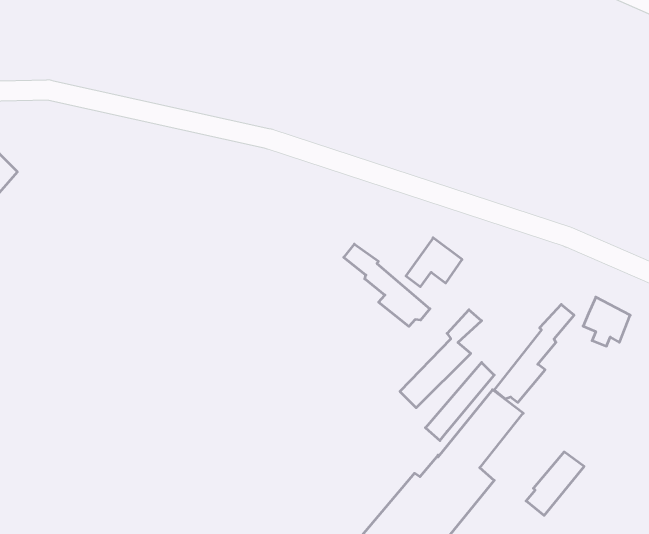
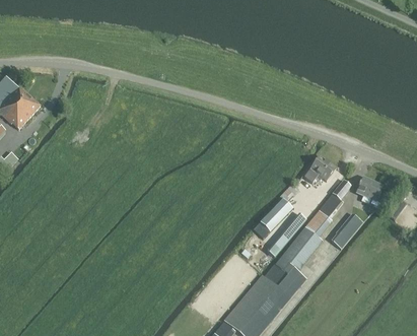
building: [406,238,462,287] -> [303,155,335,183]
building: [344,244,430,326] -> none
building: [526,452,584,515] -> [330,213,362,249]

